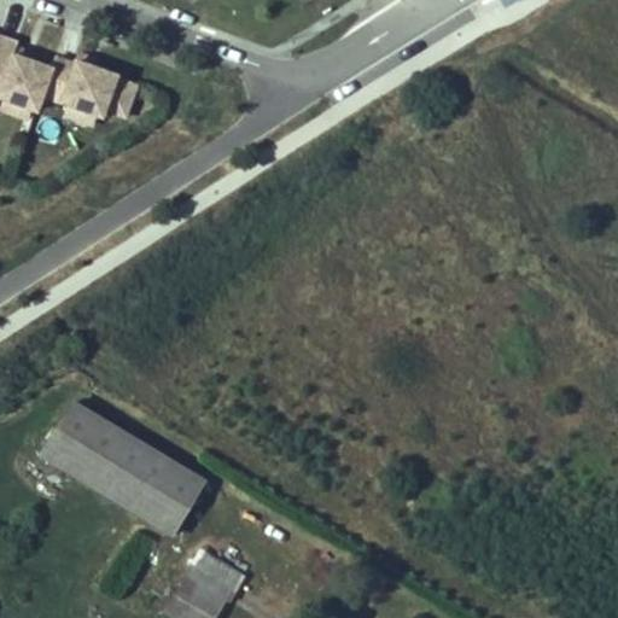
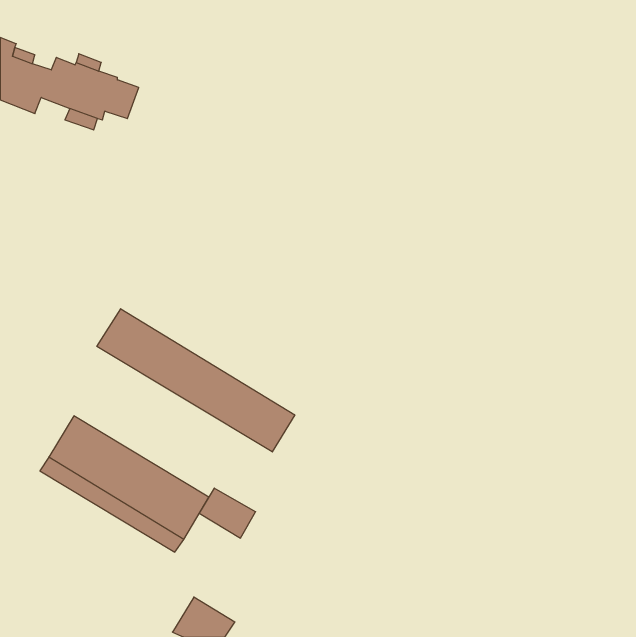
building: none -> [97,309,295,452]
building: [190,553,244,601] -> [199,488,256,538]

